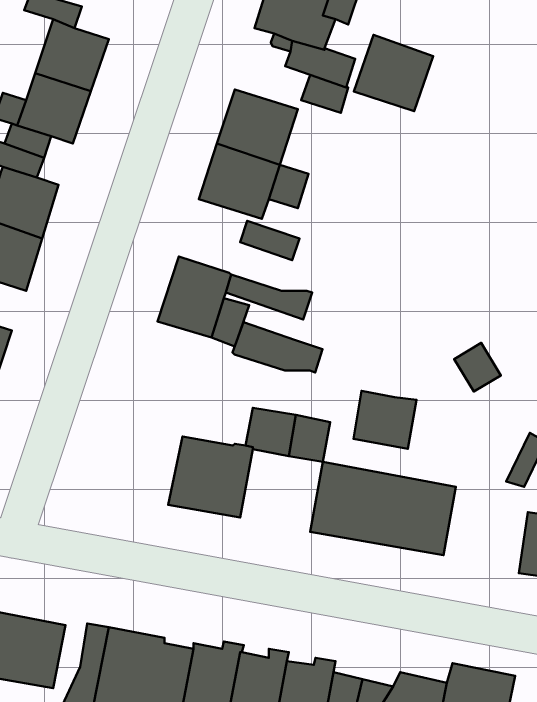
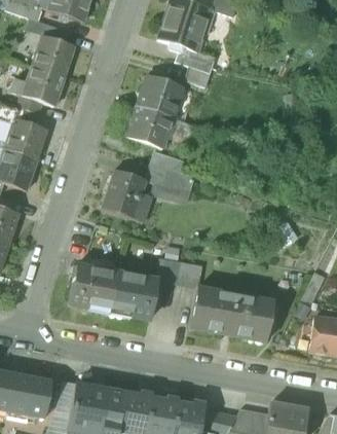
building: [354,35,433,111] -> none
building: [233,322,323,372] -> [144,161,195,190]
building: [353,391,417,449] -> none
building: none -> [69,263,117,312]

